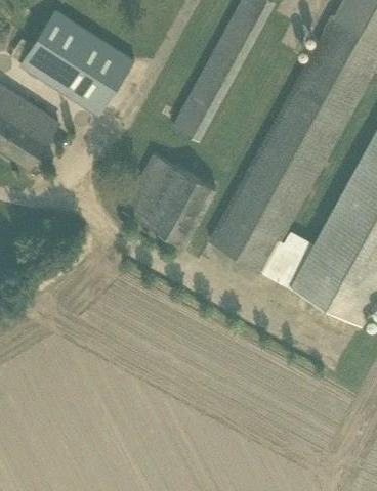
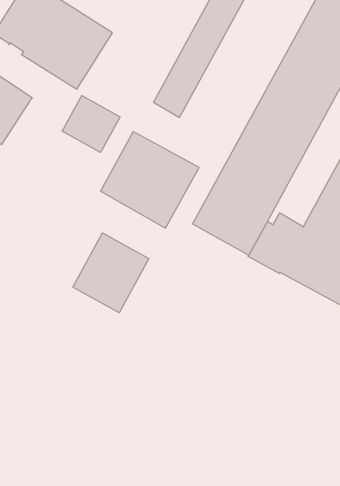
building: none -> [62,96,120,152]
building: none -> [73,233,149,313]

